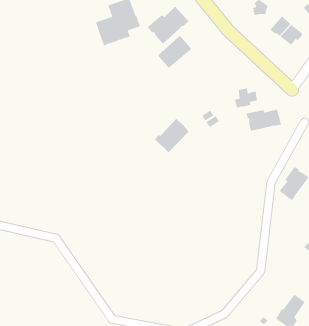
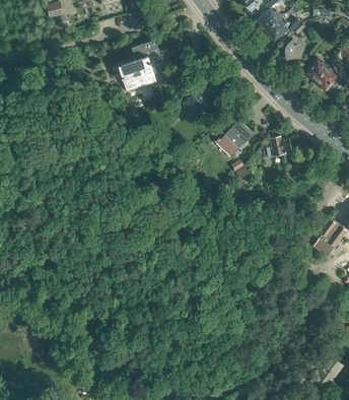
building: [147,6,190,45] -> none
building: [246,109,282,131] -> none
building: [154,118,190,153] -> [215,119,253,156]

